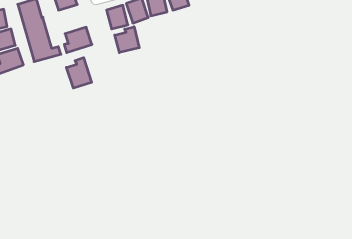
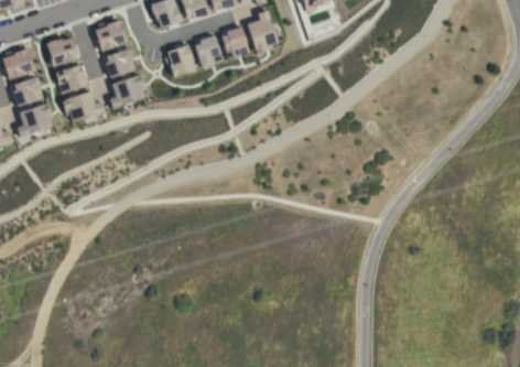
building: none -> [104,47,136,77]
building: [115,27,139,53] -> none
building: [66,58,92,88] -> none

